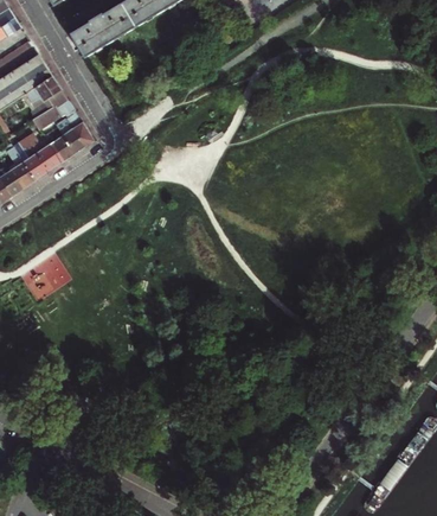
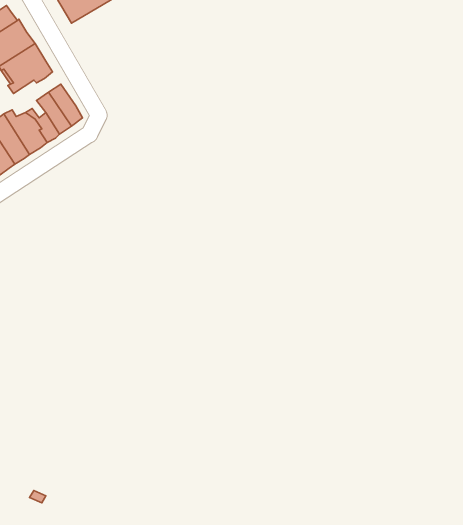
building: [30,98,75,132] -> none

